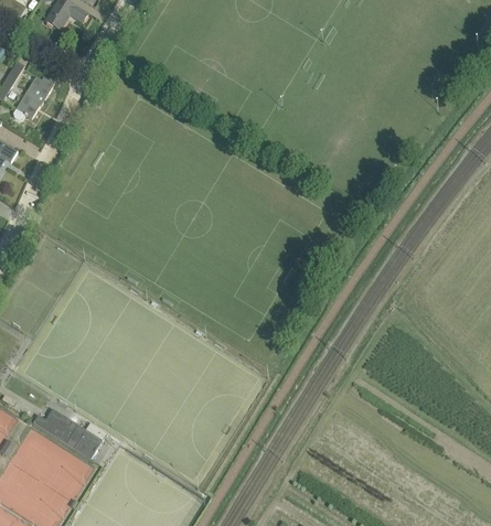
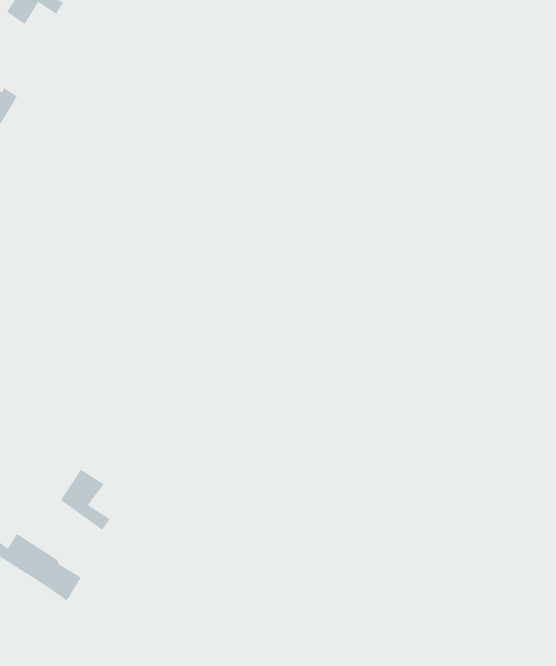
building: none -> [60,469,110,531]

